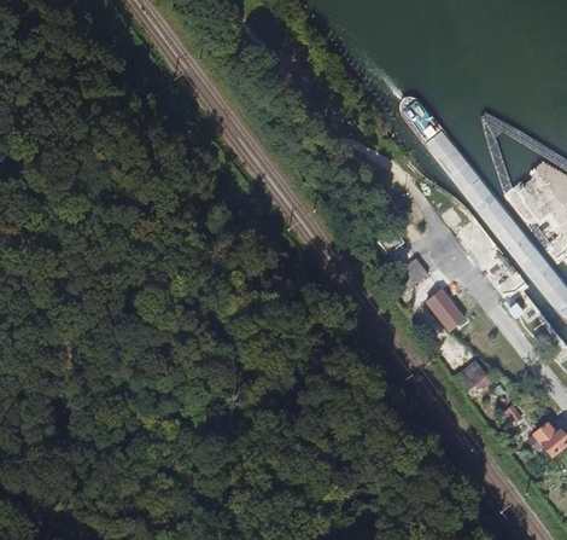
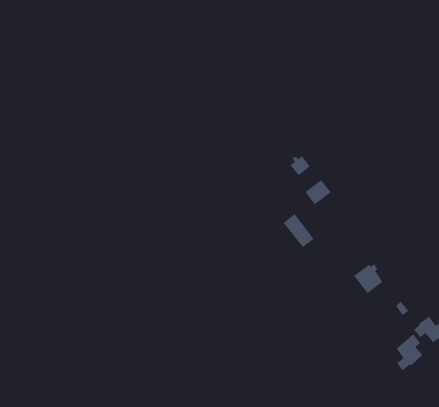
building: [426,288,464,330] -> [283,213,315,248]
building: none -> [396,333,423,371]

